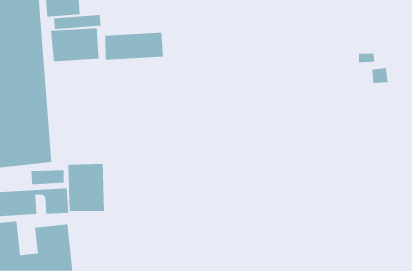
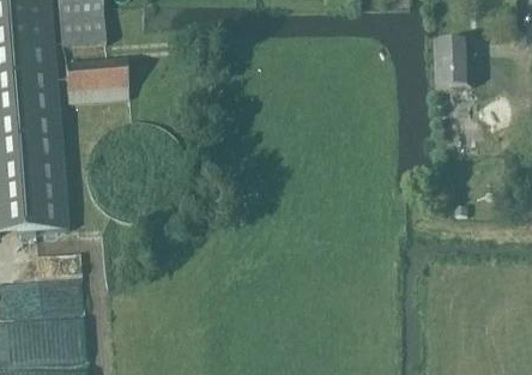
building: none -> [434,37,468,85]
building: [105,32,163,61] -> none
building: [68,163,105,212] -> none

